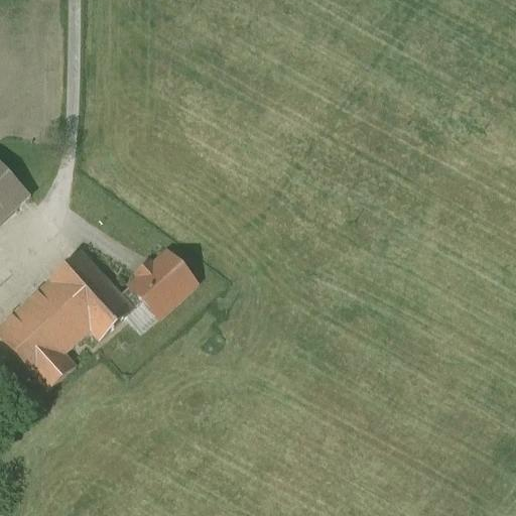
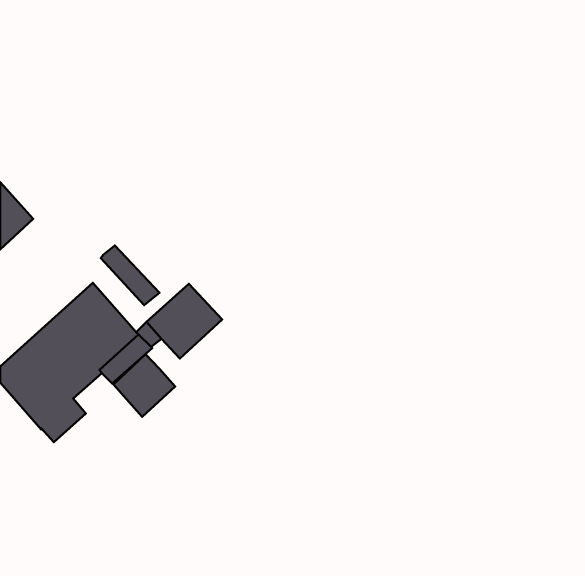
building: none -> [101,245,159,305]
building: none -> [113,354,175,417]

